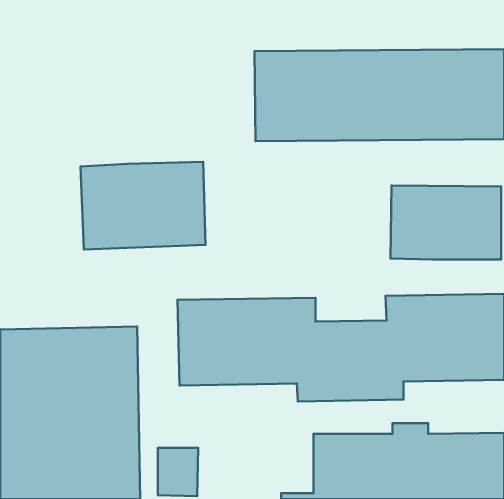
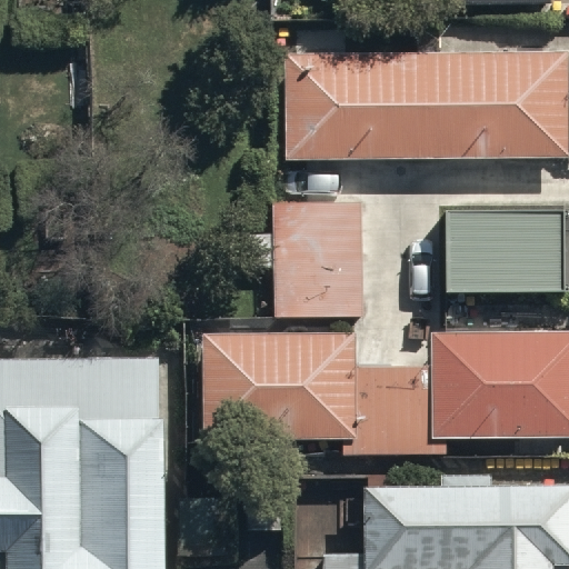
building: [81,162,206,249] -> none
building: none -> [278,198,366,320]

